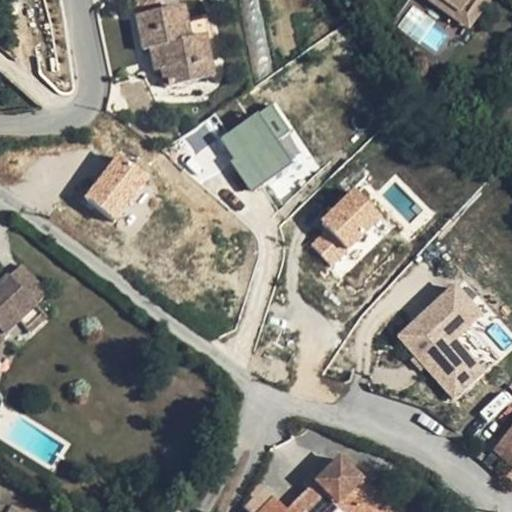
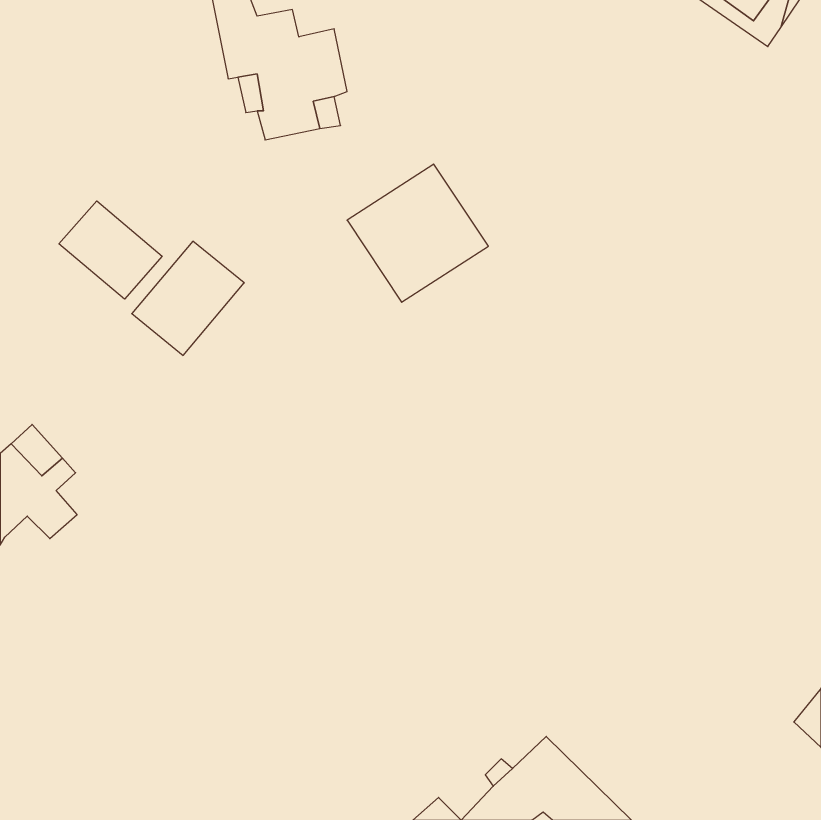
building: none -> [59,201,162,299]
building: [309,183,384,266] -> none
building: [393,283,501,403] -> none

